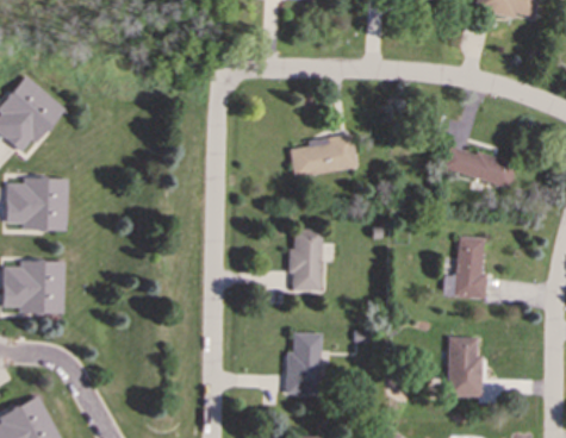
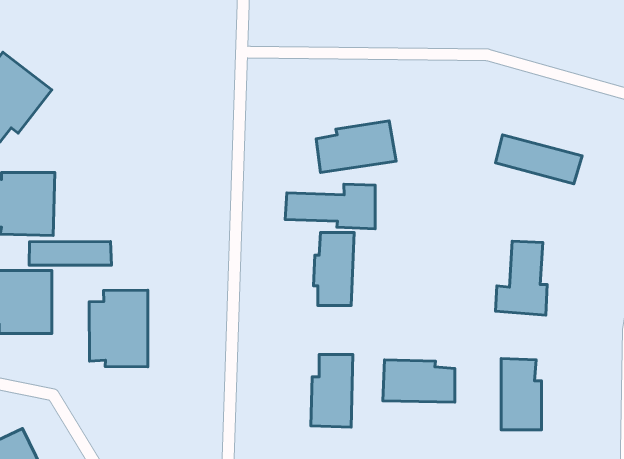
building: none -> [285,184,375,229]
building: none -> [29,241,111,265]
building: none -> [89,290,148,367]
building: none -> [383,360,455,402]

